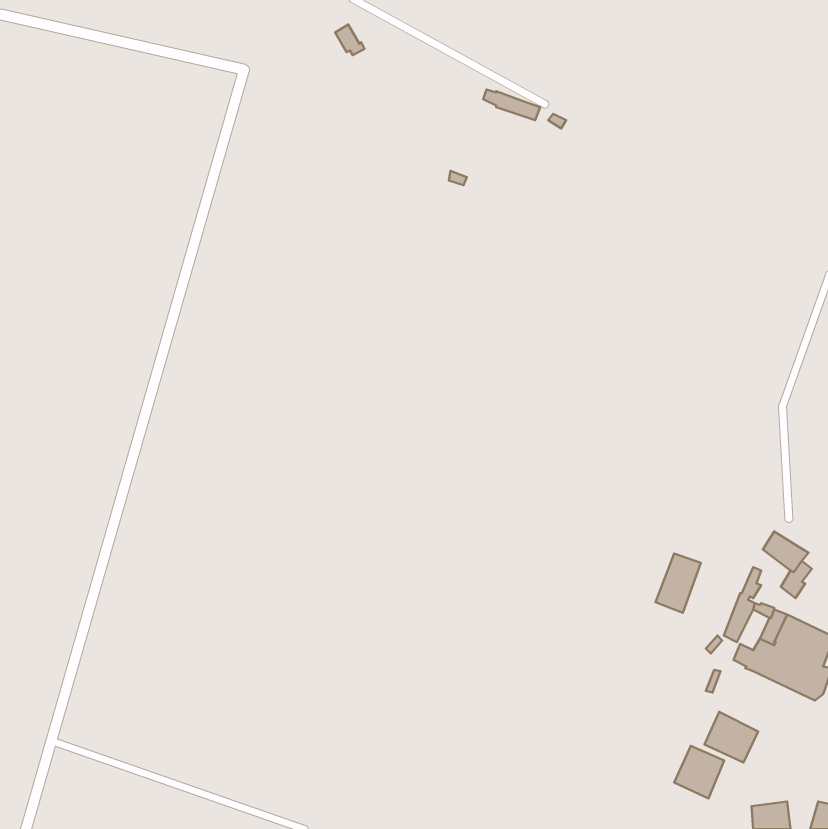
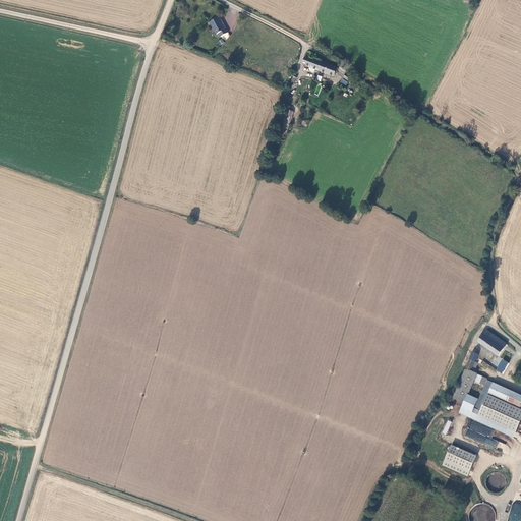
building: [655,553,701,613] -> none
building: [674,746,724,799] -> none

